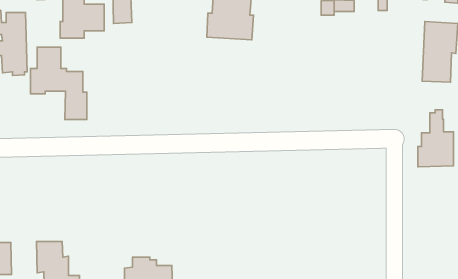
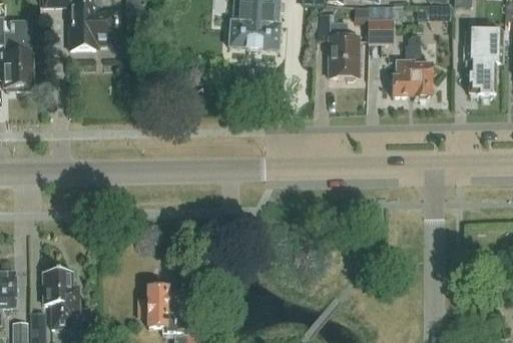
building: none -> [316,13,360,77]
building: none -> [370,19,393,42]
building: [31,47,87,119] -> none
building: [418,110,454,167] -> [393,34,432,96]

